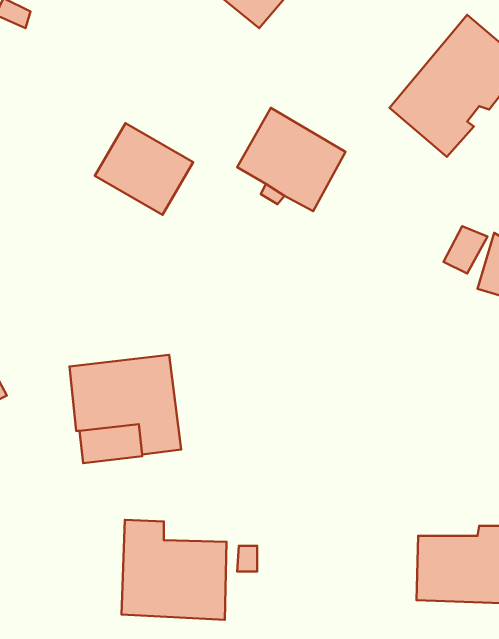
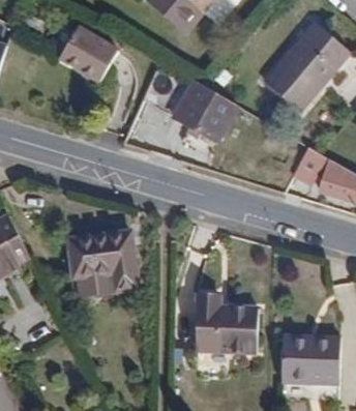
building: [95,123,193,215] -> [60,26,120,82]
building: [122,520,226,620] -> [195,293,259,354]

